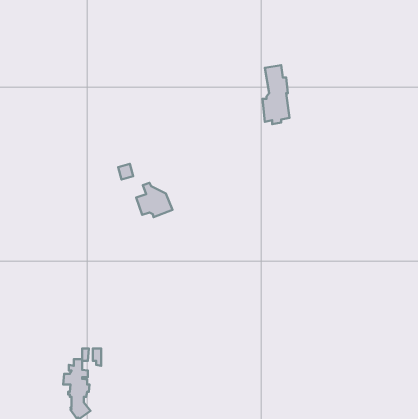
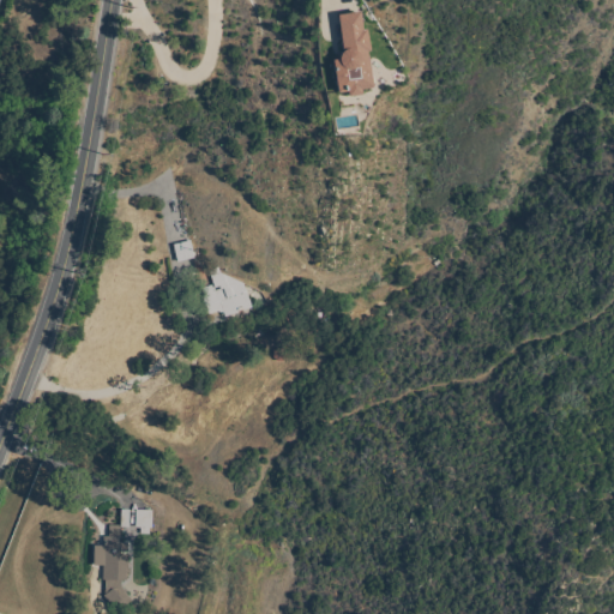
building: [262,65,290,124] -> [335,11,374,97]

